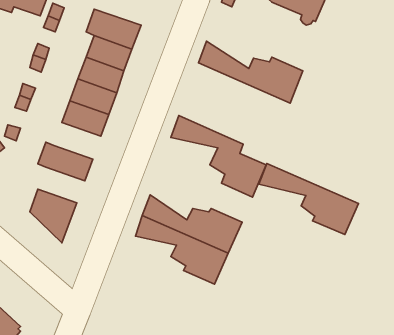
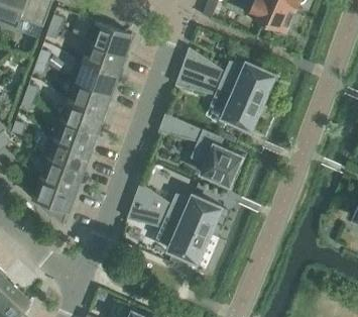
building: none -> [55,119,97,151]
building: [259,163,358,235] -> [175,67,263,129]
building: none -> [41,159,83,190]

